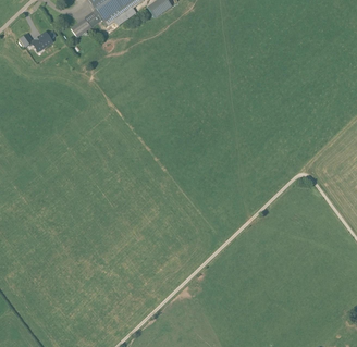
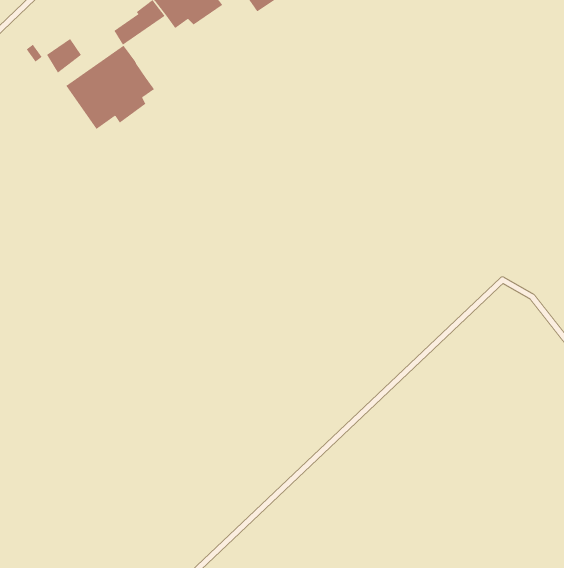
building: none -> [66,45,155,130]

